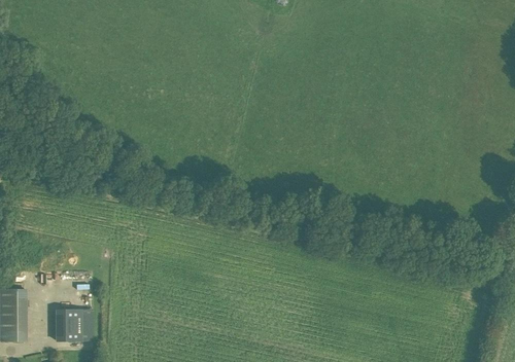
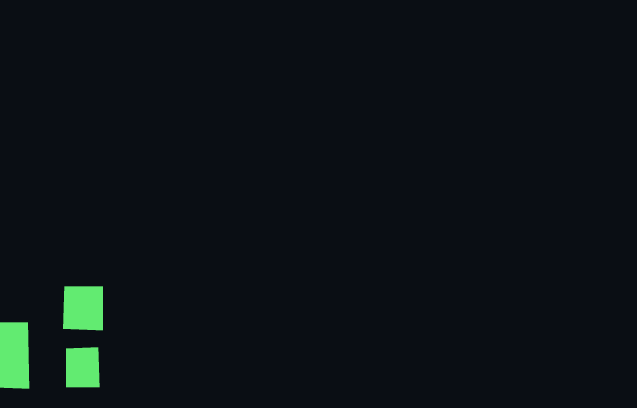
building: none -> [62,286,104,331]

